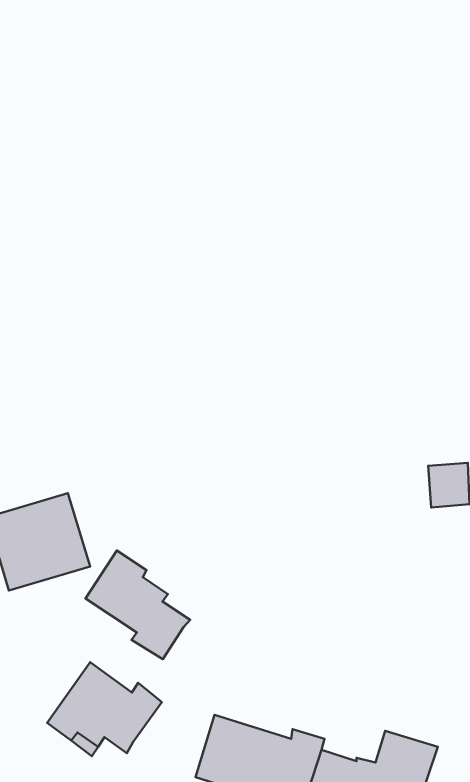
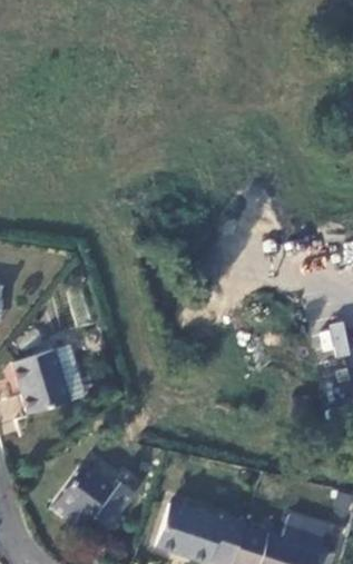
building: [85,550,190,659] -> none

